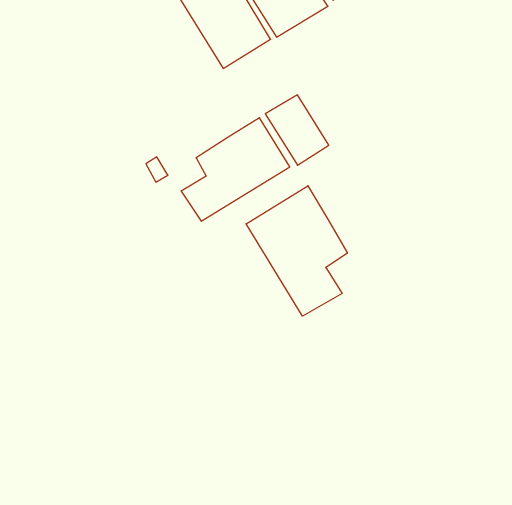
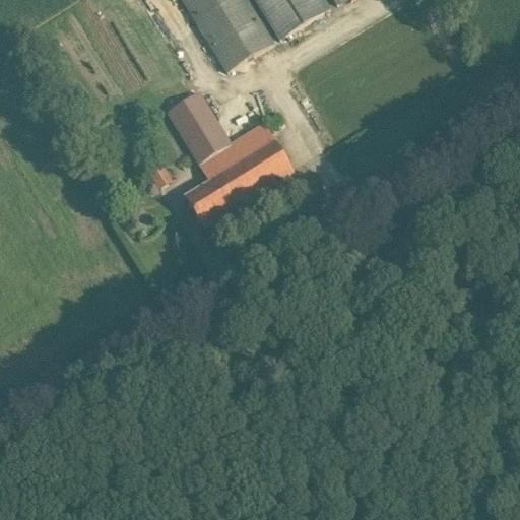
building: [265,95,329,165] -> [166,88,230,159]
building: [246,186,347,316] -> none

